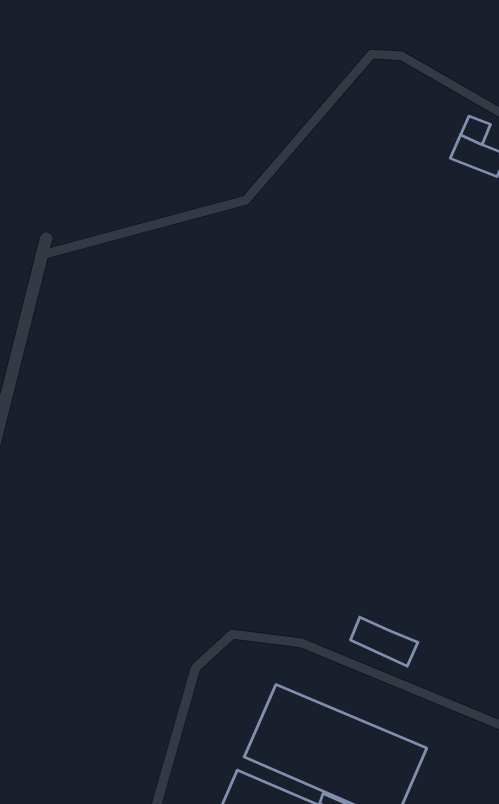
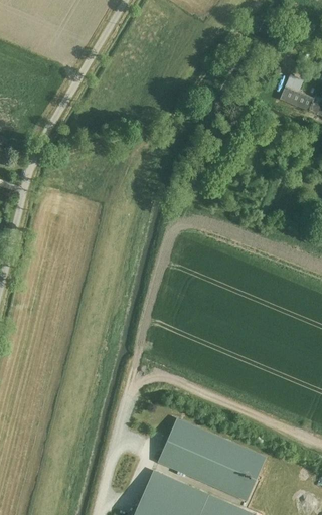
building: [351,617,418,666] -> none

